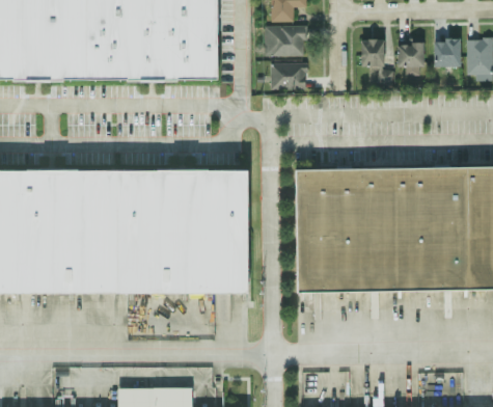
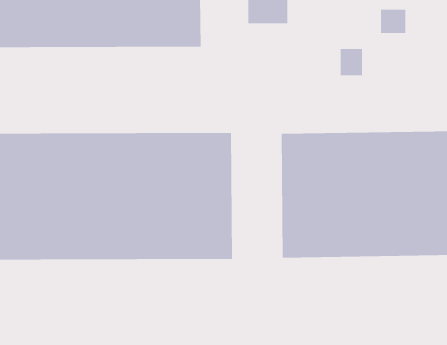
building: [360,40,383,67] -> [340,49,363,76]
building: [433,40,458,67] -> none
building: [269,64,305,90] -> none

